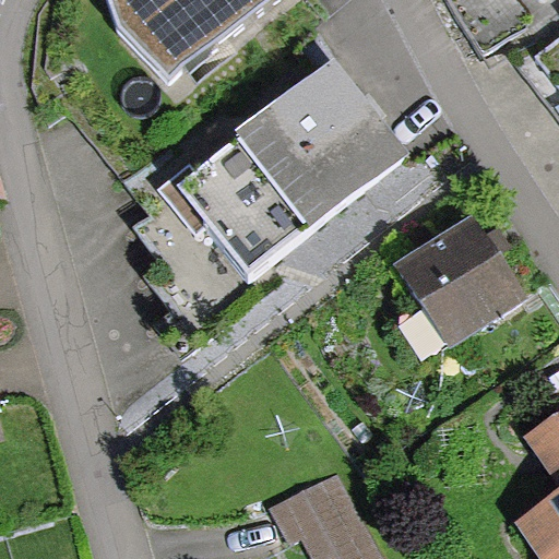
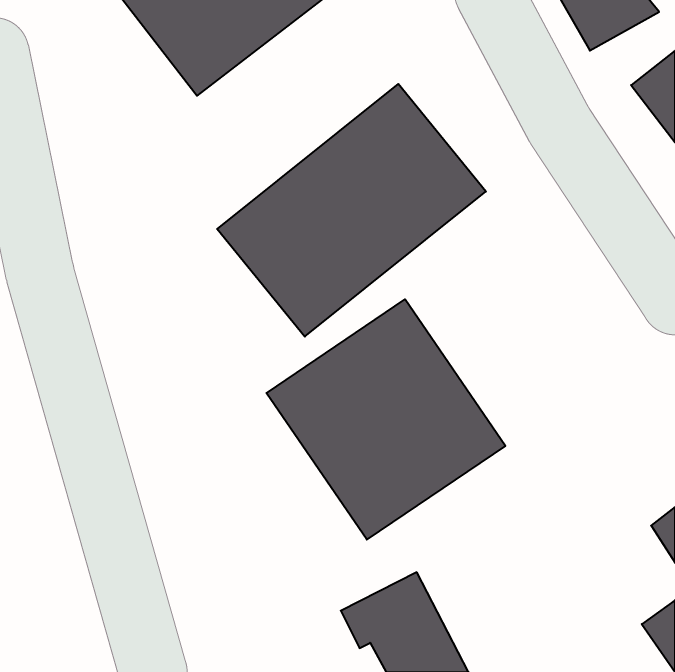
building: [394,215,526,345] -> none
building: none -> [266,299,505,540]

